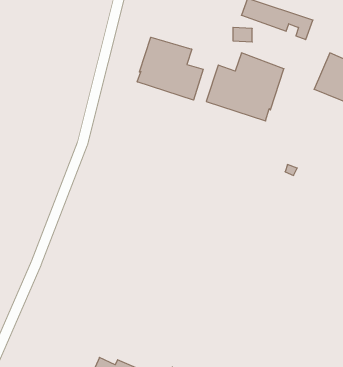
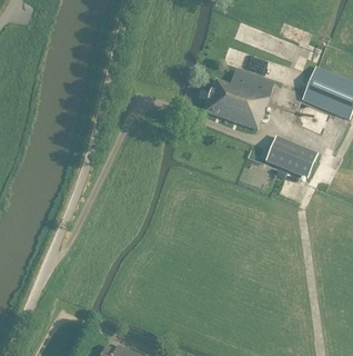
building: [137,37,203,100] -> none
building: none -> [264,136,316,177]

